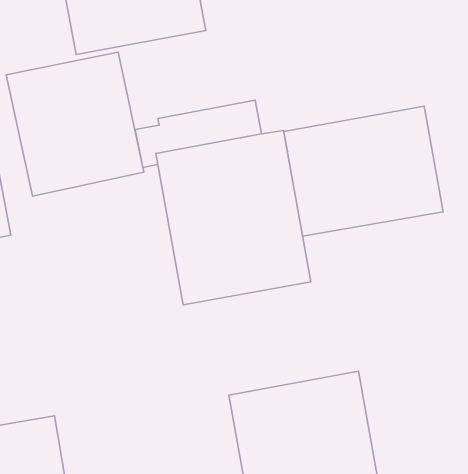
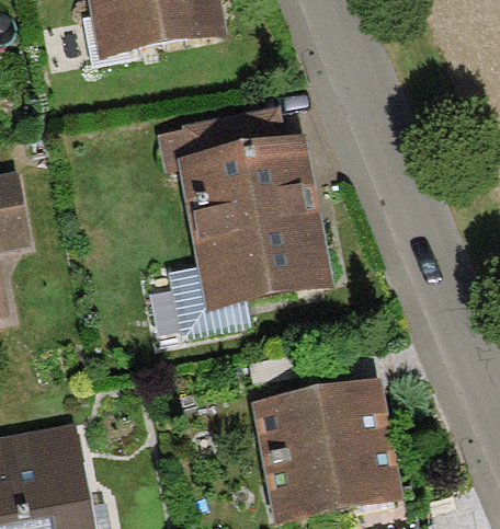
building: [6,52,144,196] -> none
building: [284,106,443,236] -> none

